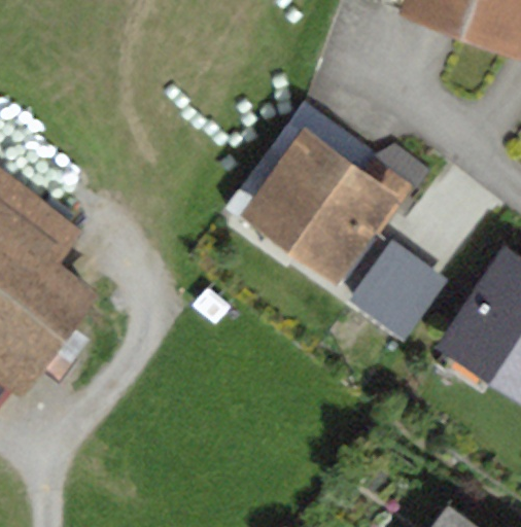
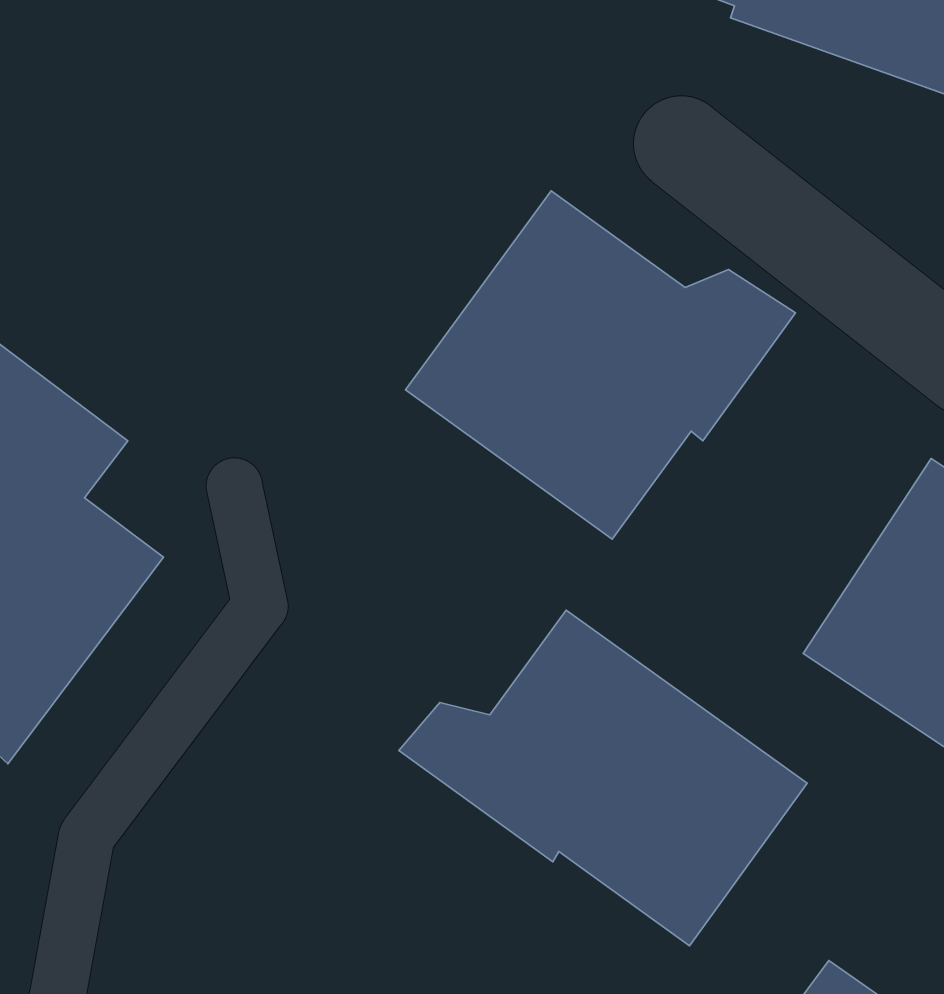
building: [347,240,446,339] -> none
building: none -> [399,610,807,946]

